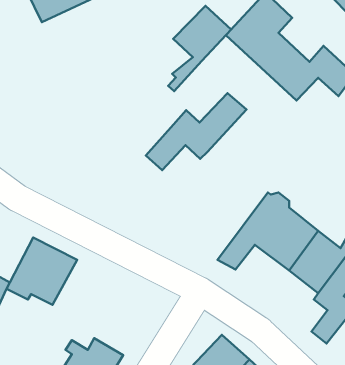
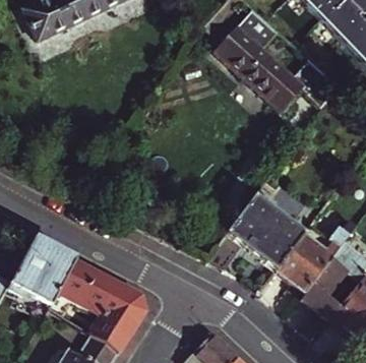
building: [168,6,231,91] -> none
building: [146,93,247,170] -> none
building: none -> [49,261,143,352]

